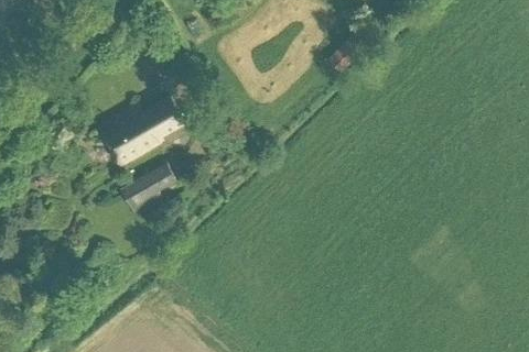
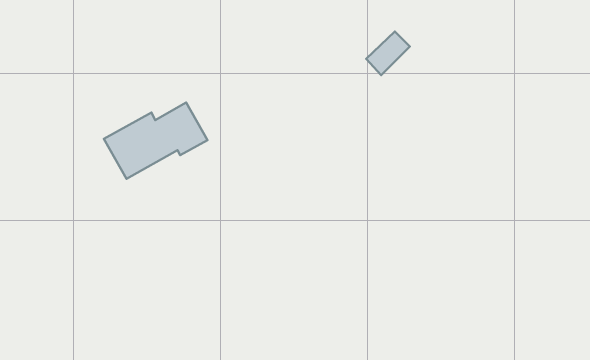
building: [121,163,176,213] -> none

